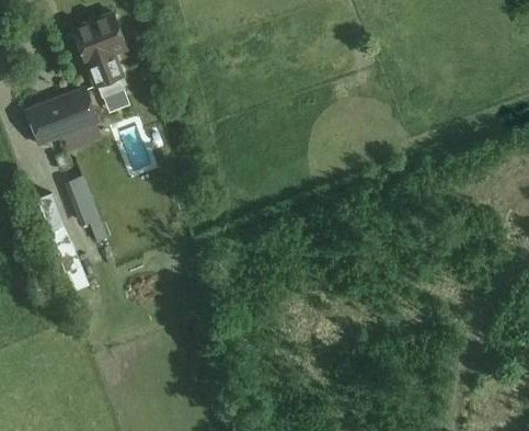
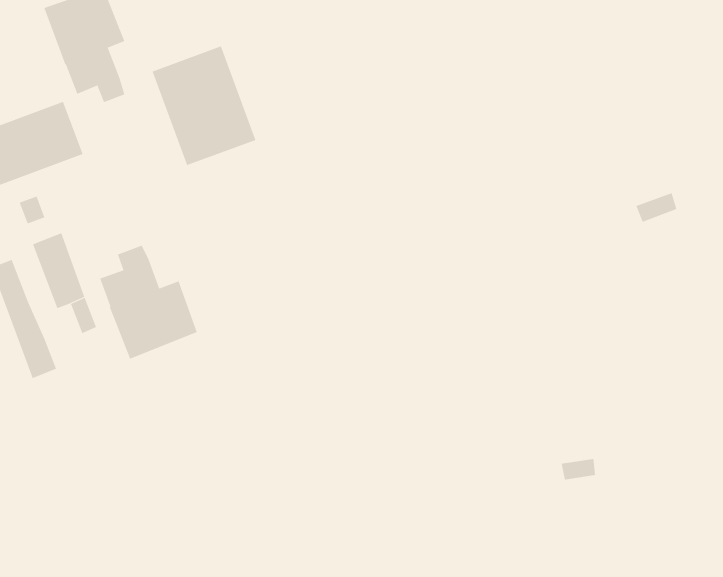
building: none -> [152,46,256,166]
building: none -> [99,245,197,360]

